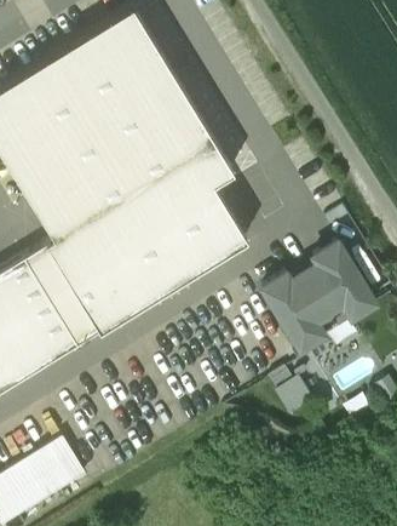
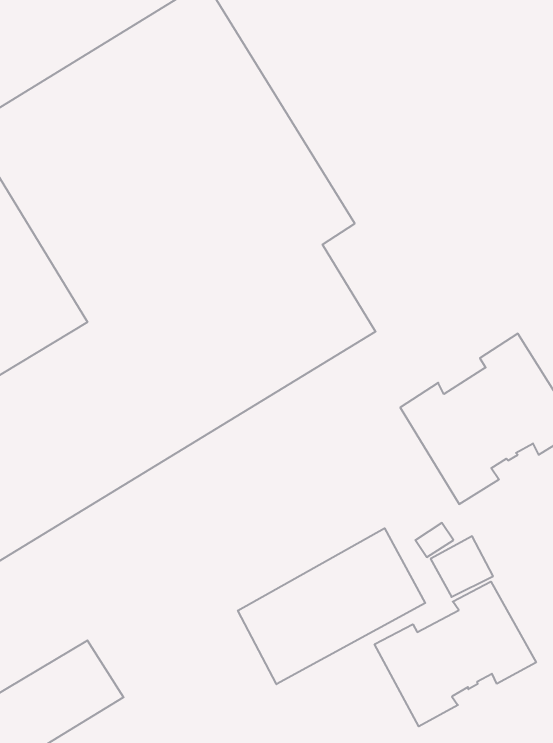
building: none -> [238,528,425,684]
building: none -> [375,582,536,726]

